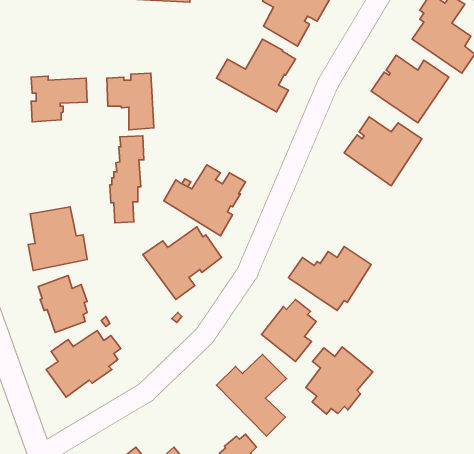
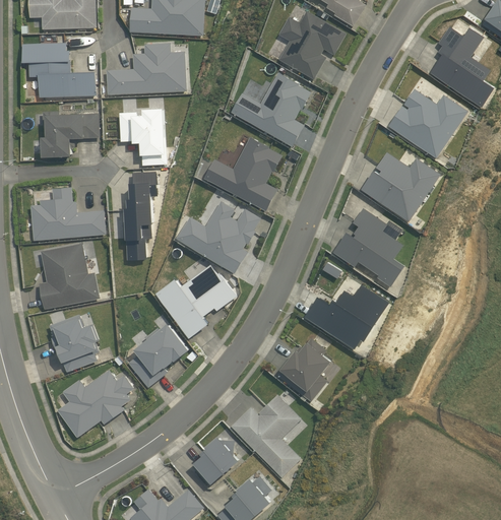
building: none -> [22,43,96,98]
building: none -> [106,43,186,94]
building: none -> [203,137,281,210]
building: none -> [29,187,106,241]
building: none -> [332,208,404,286]
building: none -> [128,323,190,387]
building: [306,347,373,414] -> none
building: none -> [192,436,239,486]

